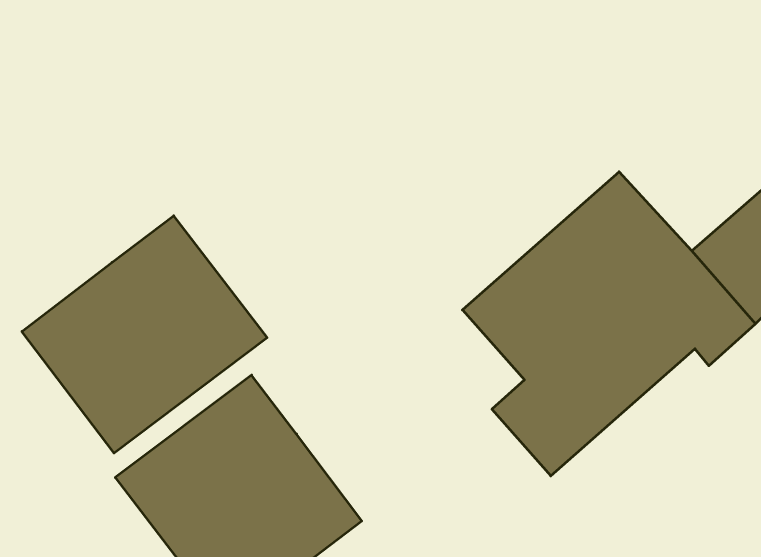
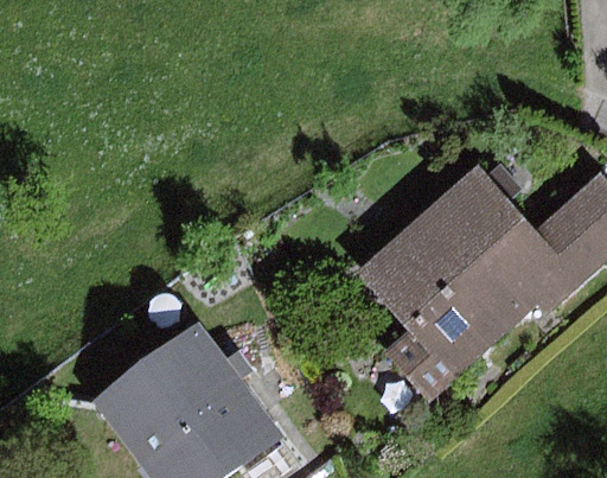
building: [22,216,267,453] -> none

